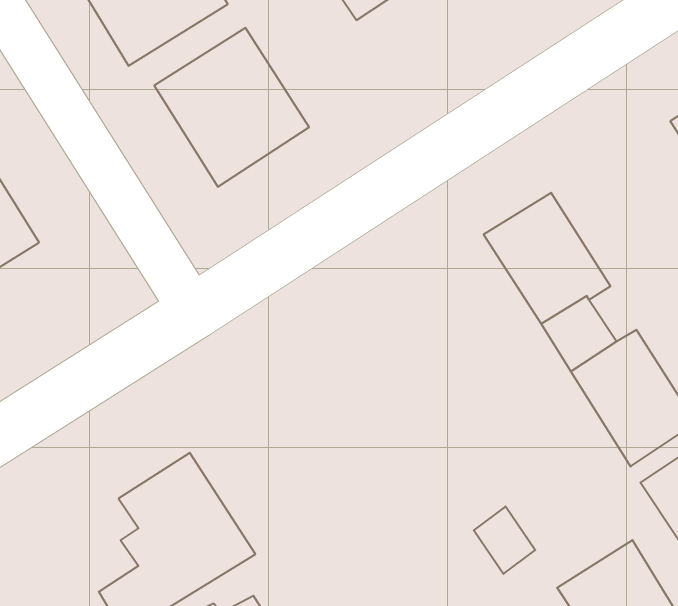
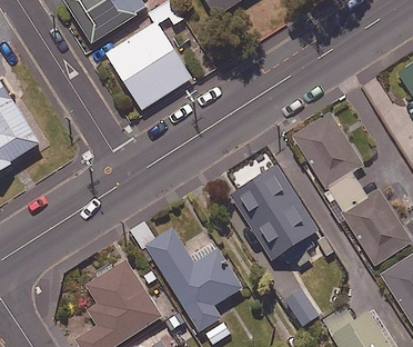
building: none -> [230,162,320,266]
building: none -> [129,219,243,329]

